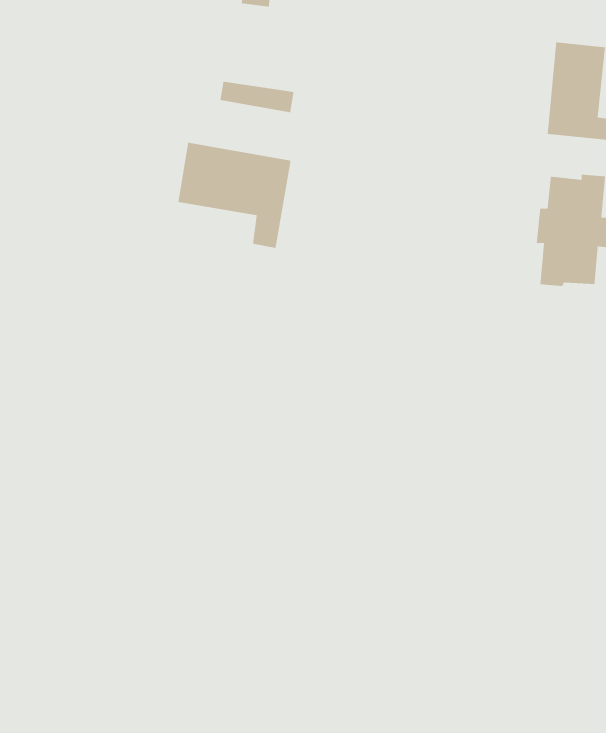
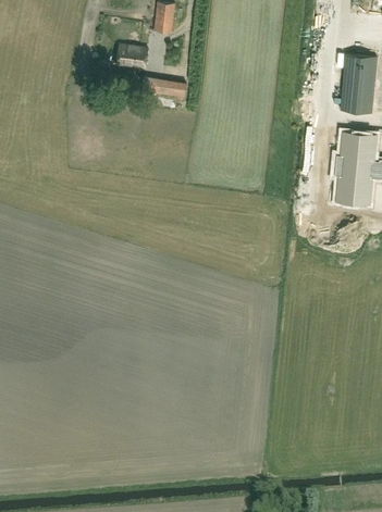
building: none -> [116,46,148,70]
building: [178,142,292,249] -> none

